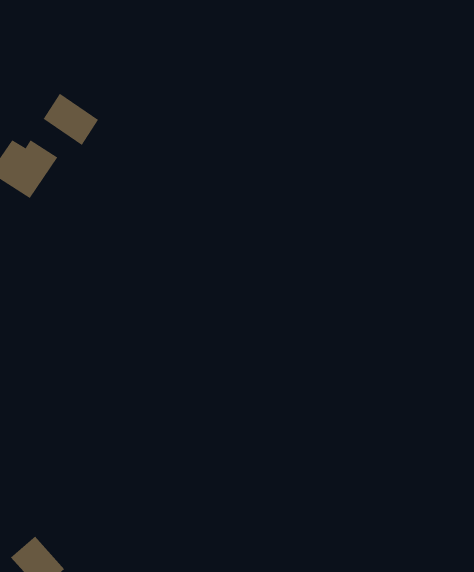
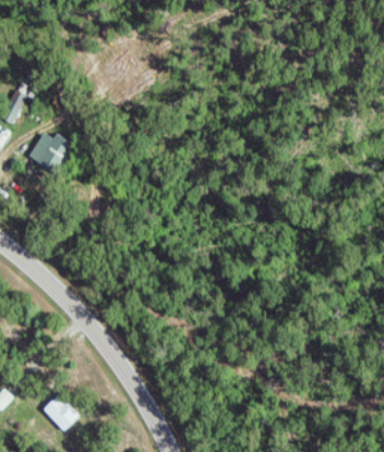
building: [43,93,99,146] -> none

